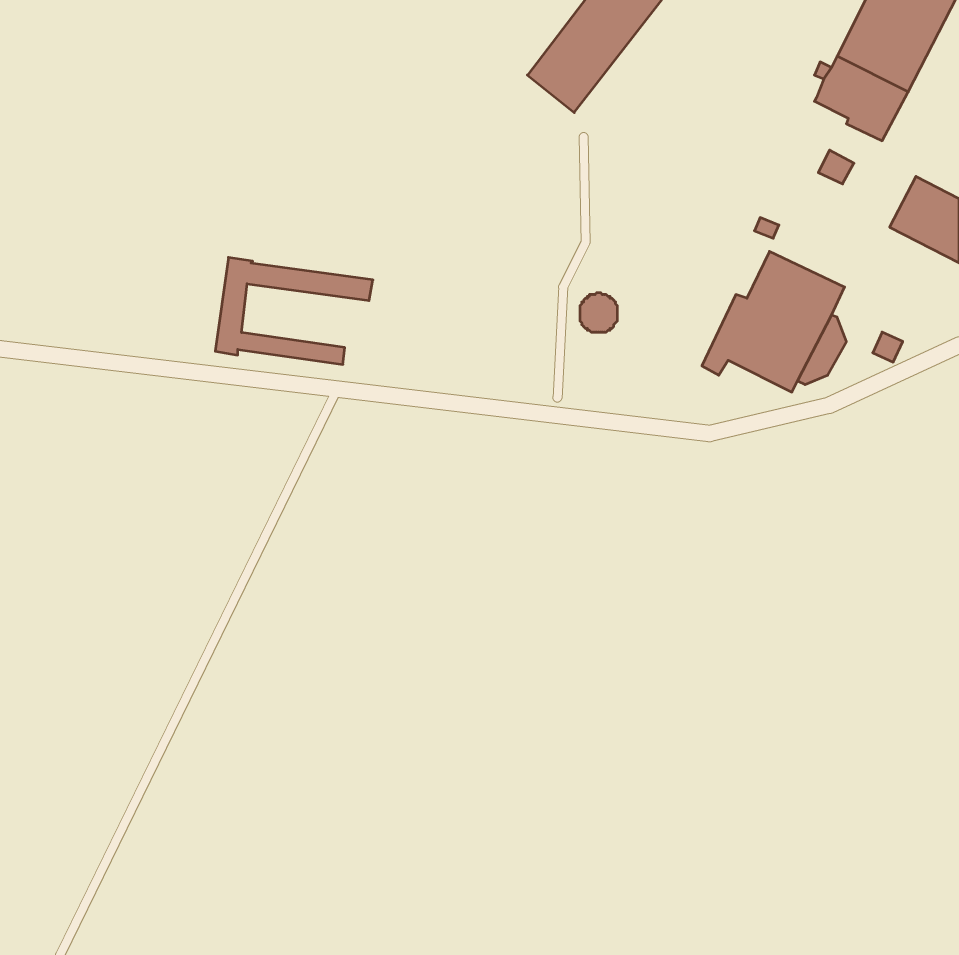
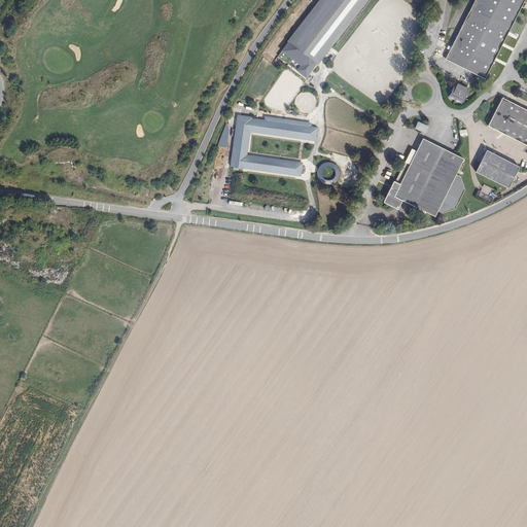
building: none -> [278,40,316,75]
building: [215,257,373,364] -> [231,113,317,172]
building: none -> [475,149,519,187]

